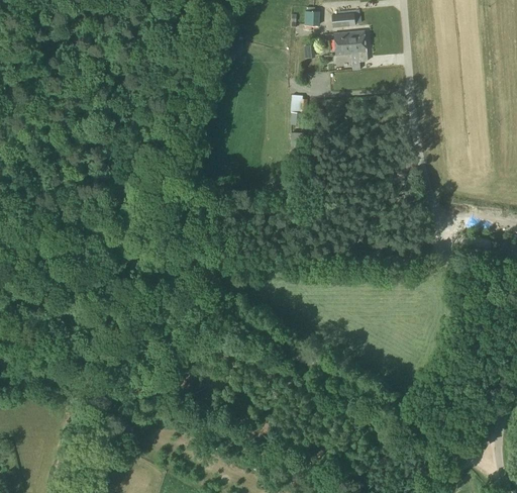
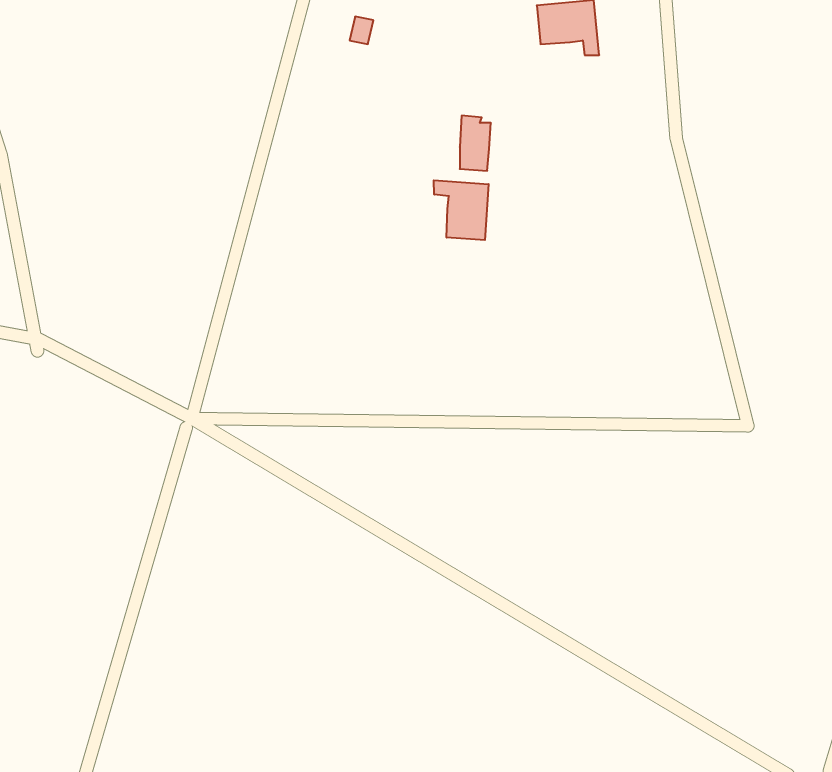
building: none -> [434,180,489,240]

